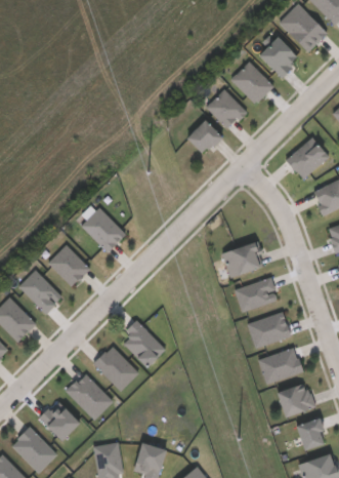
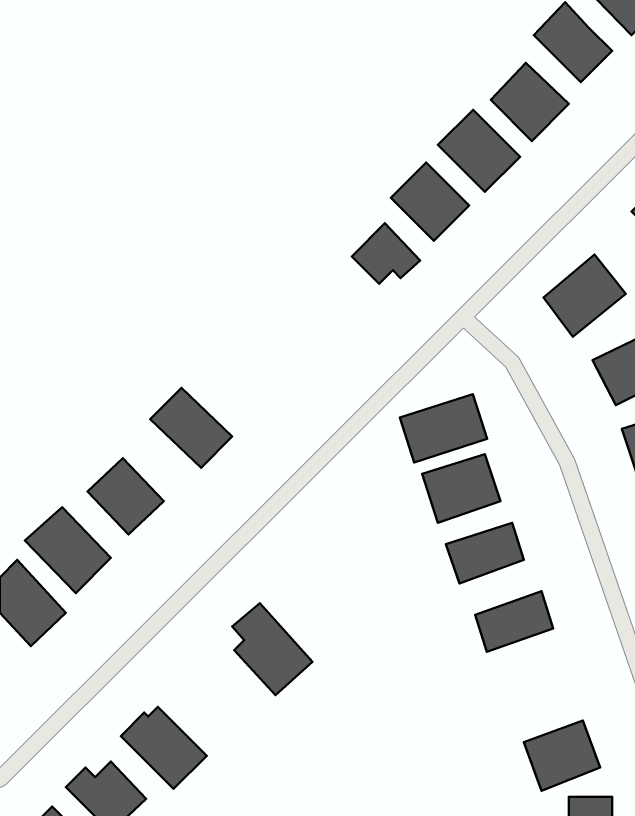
building: none -> [400,394,487,462]
building: [91,346,136,389] -> none
building: [260,349,301,381] -> none

